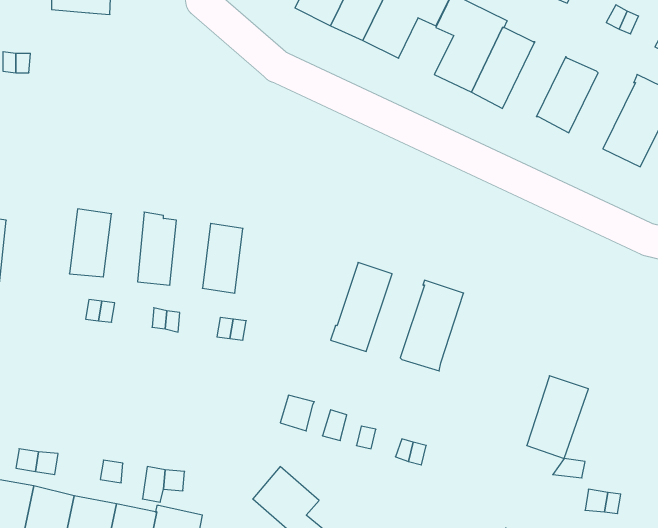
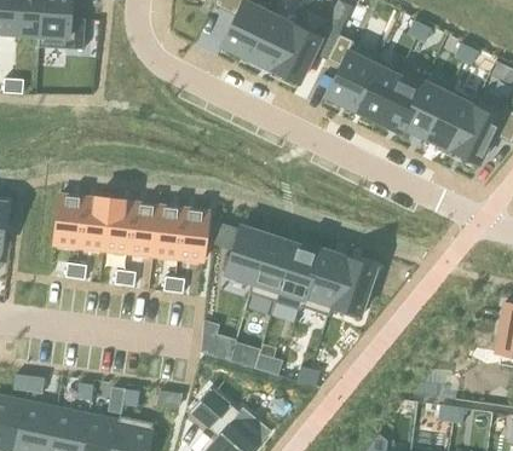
building: none -> [376,65,427,133]
building: none -> [426,88,475,151]
building: none -> [79,197,109,250]
building: none -> [128,204,158,255]
building: none -> [177,210,208,261]
building: none -> [213,222,269,283]
building: none -> [275,244,318,311]
building: [527,376,588,458] -> [330,259,376,320]

